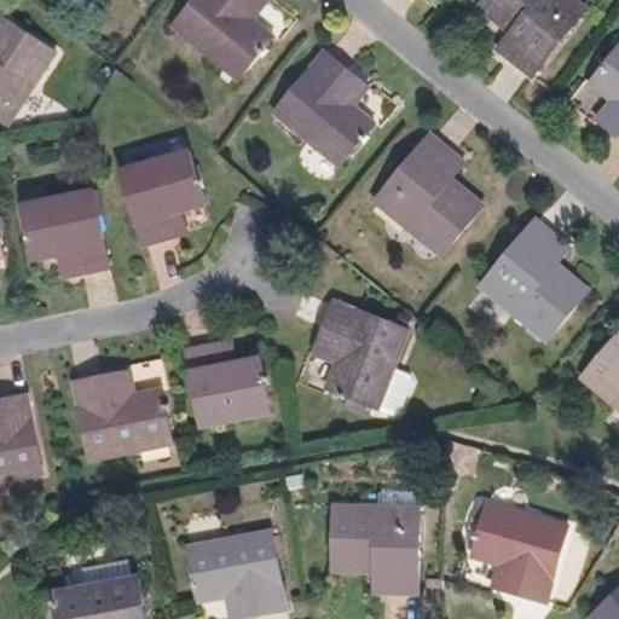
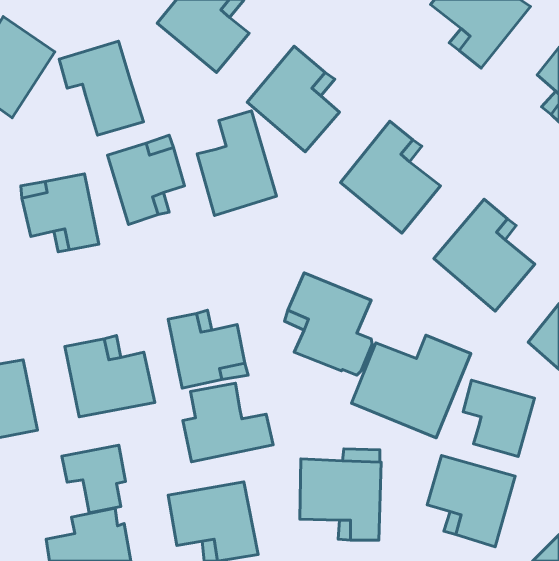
building: none -> [59,41,144,135]
building: none -> [197,111,277,216]
building: none -> [352,335,471,438]
building: none -> [463,380,535,456]
building: none -> [183,383,273,462]
building: none -> [62,445,125,513]

